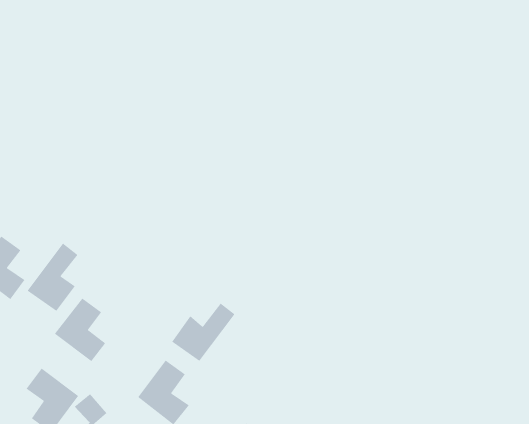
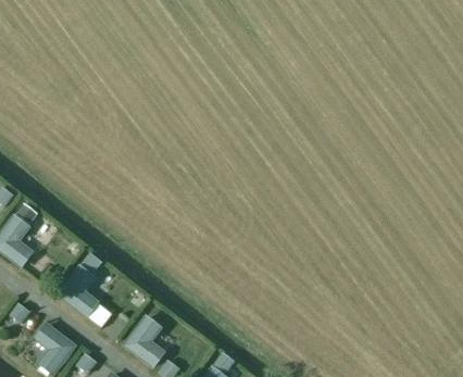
building: [27,243,78,312] -> none
building: [171,303,235,362] -> none

